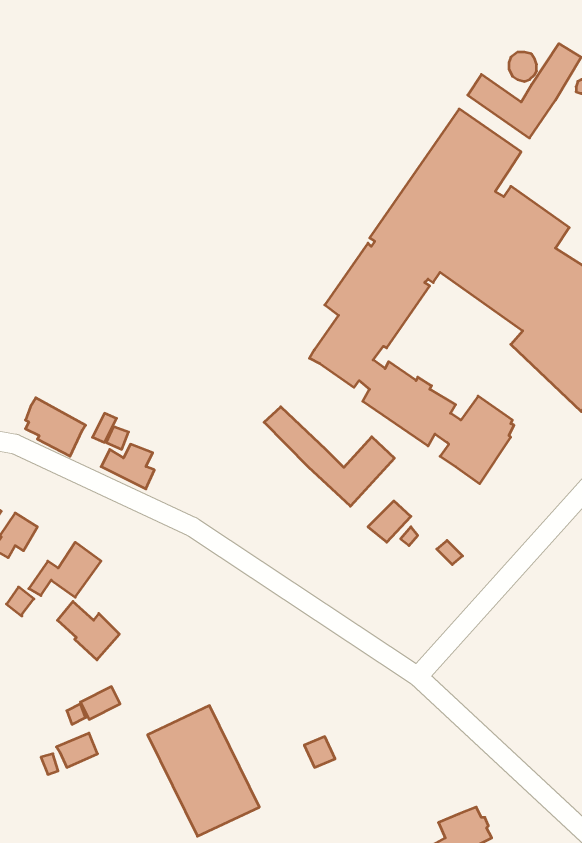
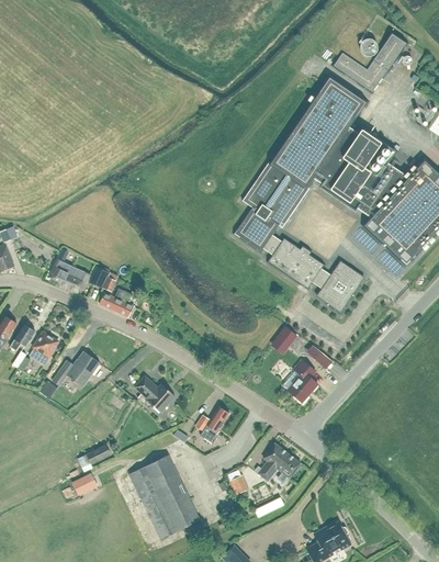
building: [264,407,394,506] -> none
building: none -> [282,359,315,401]
building: [57,601,119,660] -> [134,374,173,412]
building: none -> [195,407,228,443]
building: none -> [258,445,301,482]

